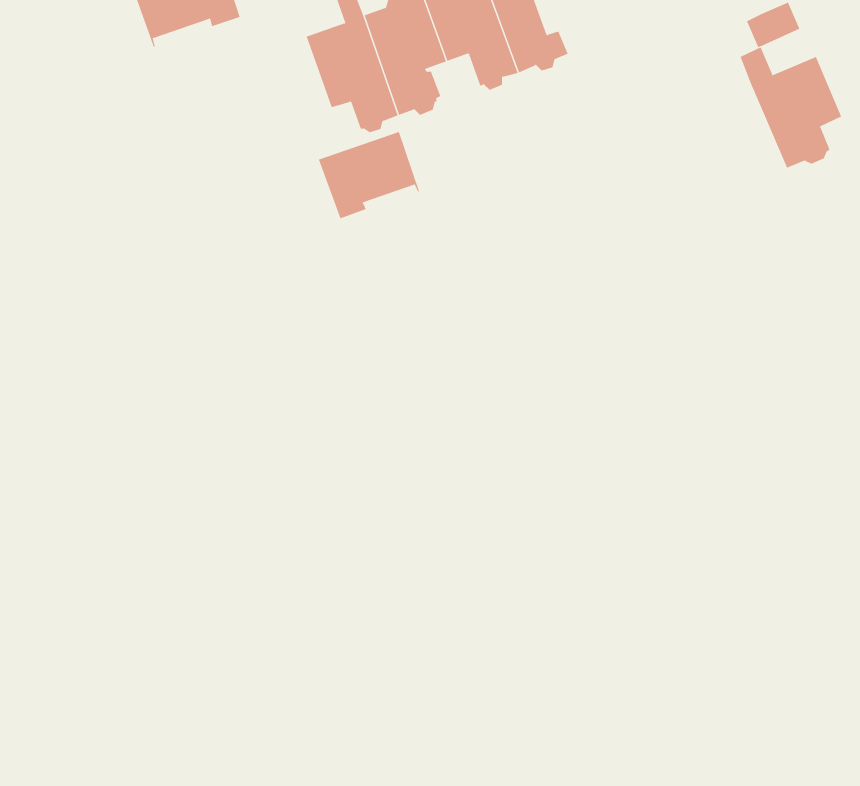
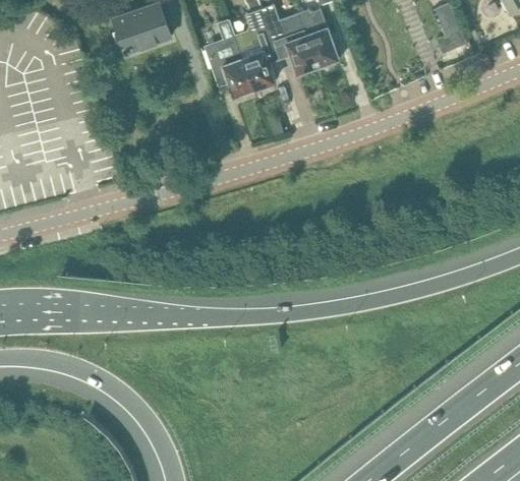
building: [740,47,842,168] -> none
building: [318,131,420,219] -> none

